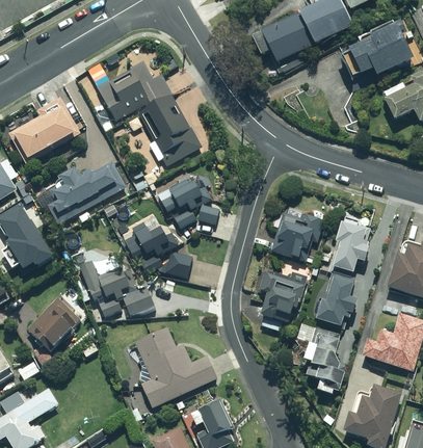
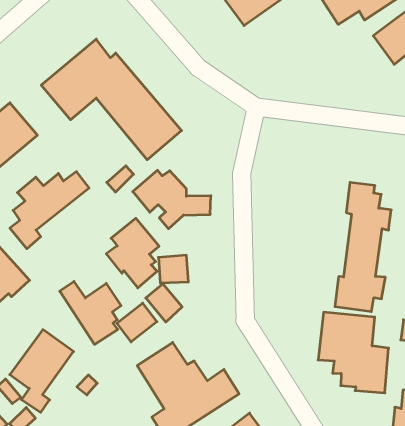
building: [268,211,325,261] -> none
building: [258,268,311,331] -> none
building: none -> [146,284,182,322]

